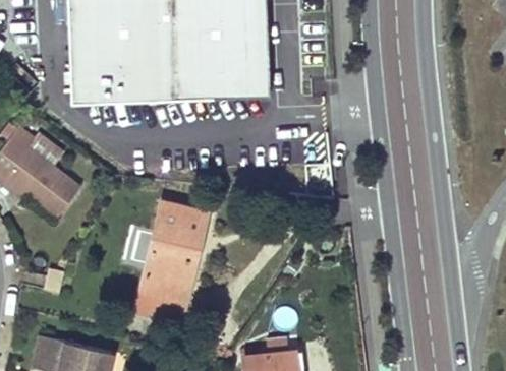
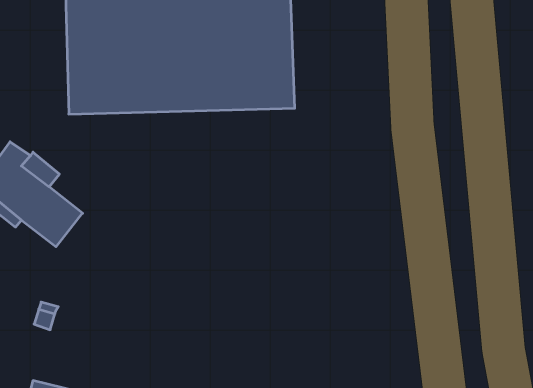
building: [140,205,206,302] -> none

